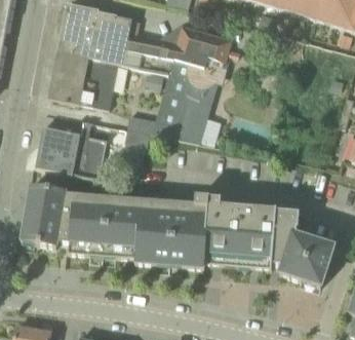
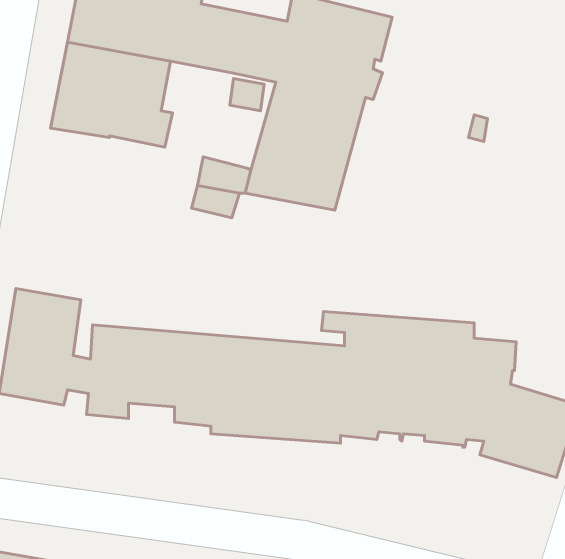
building: [32,126,107,178] -> none

